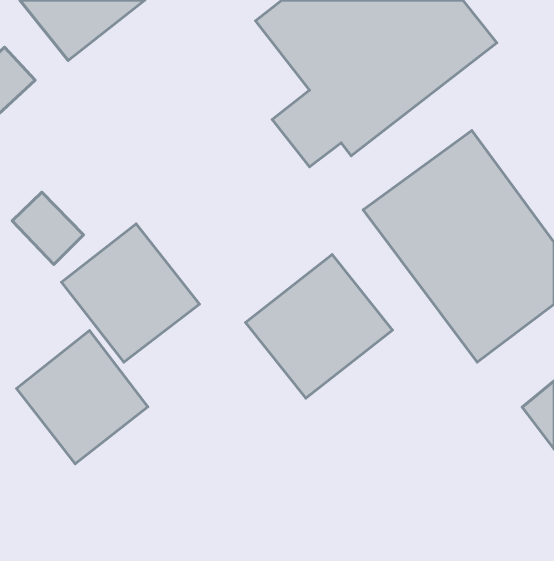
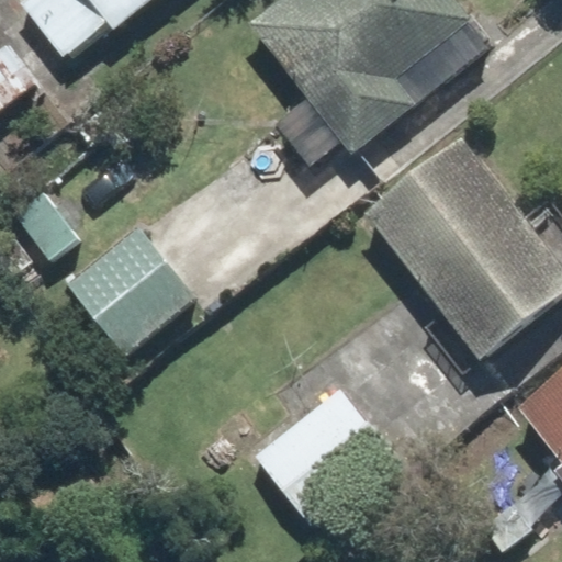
building: [246,254,393,398] -> [254,385,401,529]
building: [17,331,148,464] -> none

